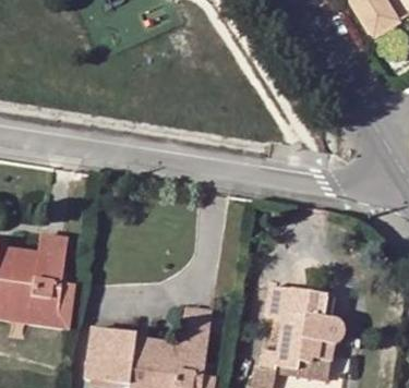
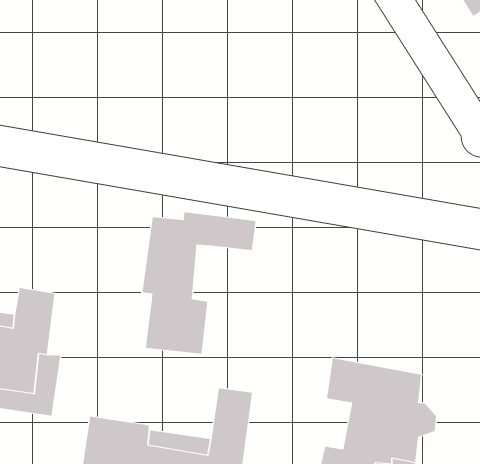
building: none -> [142,212,256,354]

